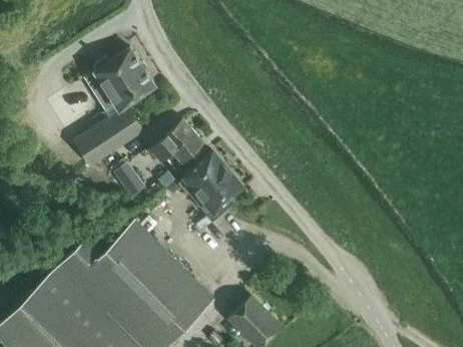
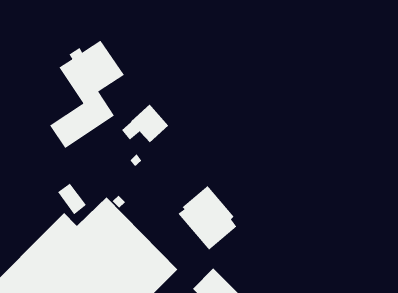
building: [178,151,244,223] -> [177,185,237,251]
building: [113,161,145,197] -> [57,183,87,215]

